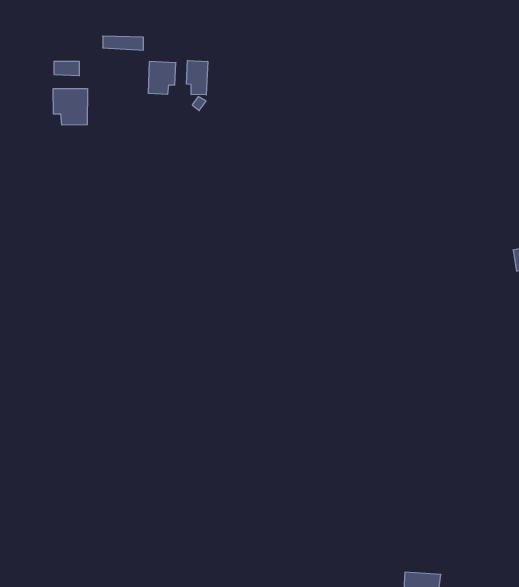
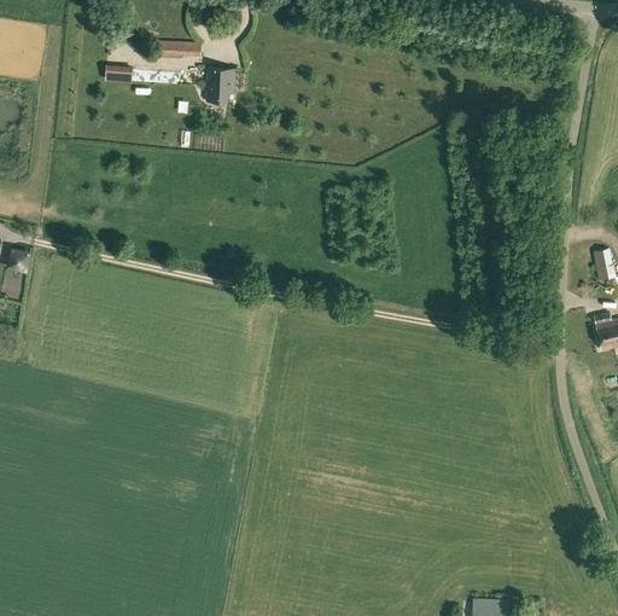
building: [187,60,208,95] -> none
building: [53,89,87,125] -> none

